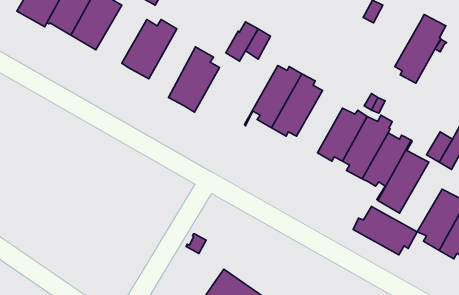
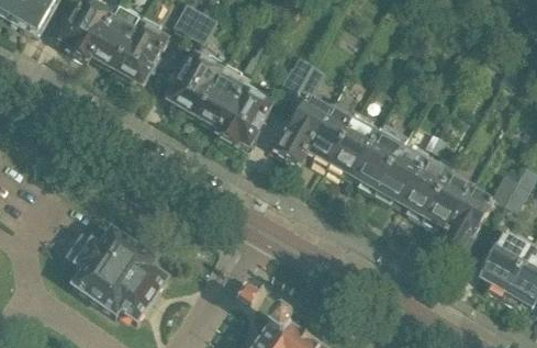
building: none -> [195,40,267,134]
building: [395,15,446,83] -> [351,120,405,192]
building: none -> [273,97,332,166]
building: none -> [66,229,165,319]
building: [353,207,417,255] -> none

